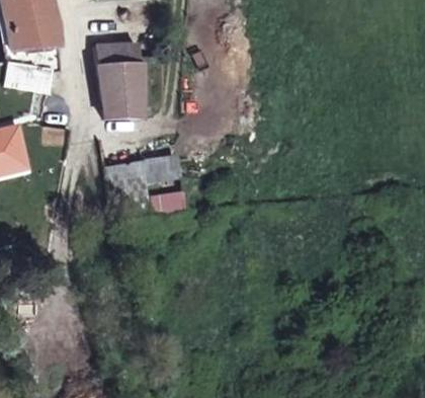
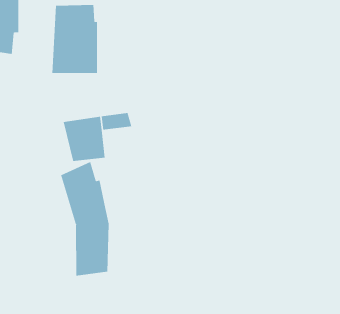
building: none -> [61,161,109,276]

